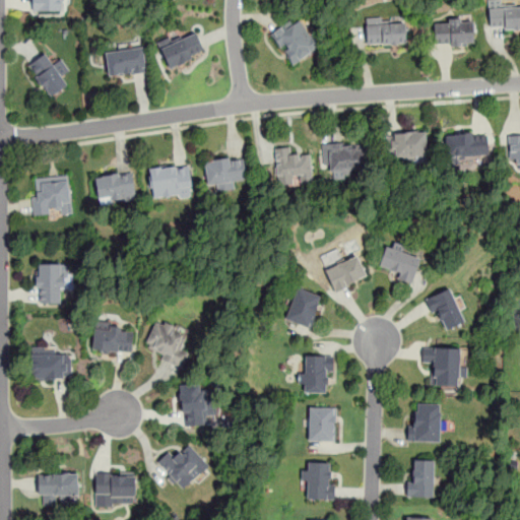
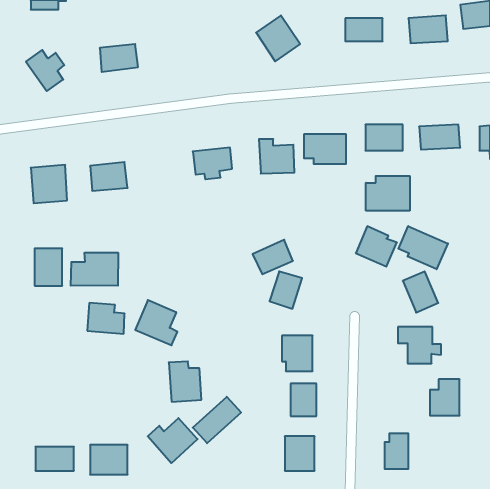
building: [158,29,204,69] -> none
building: [150,166,191,197] -> none
building: none -> [366,176,410,211]
building: none -> [398,226,448,269]
building: [324,255,367,291] -> [253,240,293,274]
building: none -> [71,253,118,286]
building: [30,348,67,380] -> none
building: [408,403,440,442] -> [430,379,460,416]
building: none -> [193,397,241,443]

